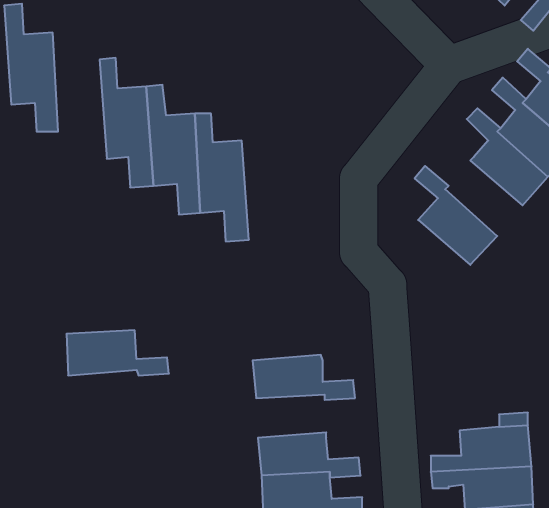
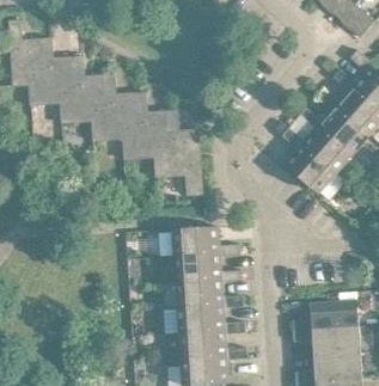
building: none -> [41,38,77,124]
building: none -> [298,109,353,174]
building: none -> [166,111,202,196]
building: [66,330,169,375] -> [172,227,240,257]
building: none -> [176,280,243,308]

